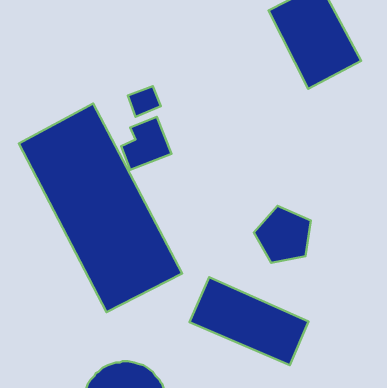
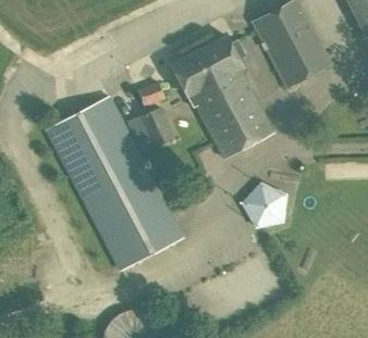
building: none -> [171,36,274,158]
building: [190,277,308,365] -> none

